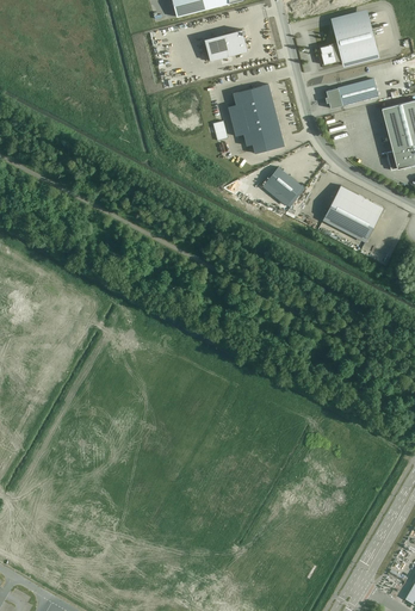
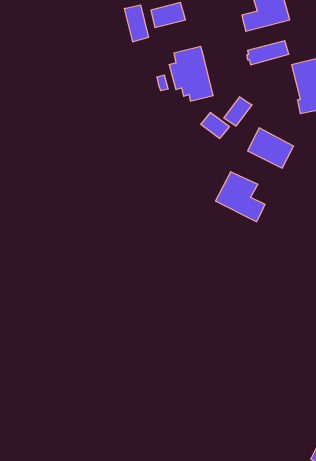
building: none -> [124,5,148,42]
building: none -> [224,97,252,126]
building: none -> [216,172,265,222]

